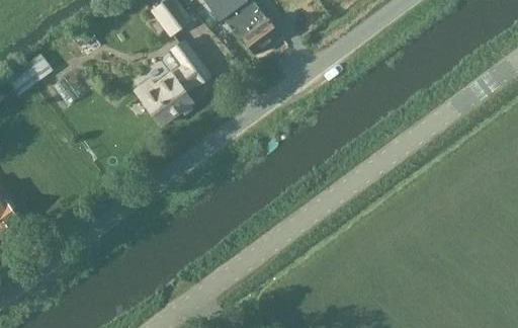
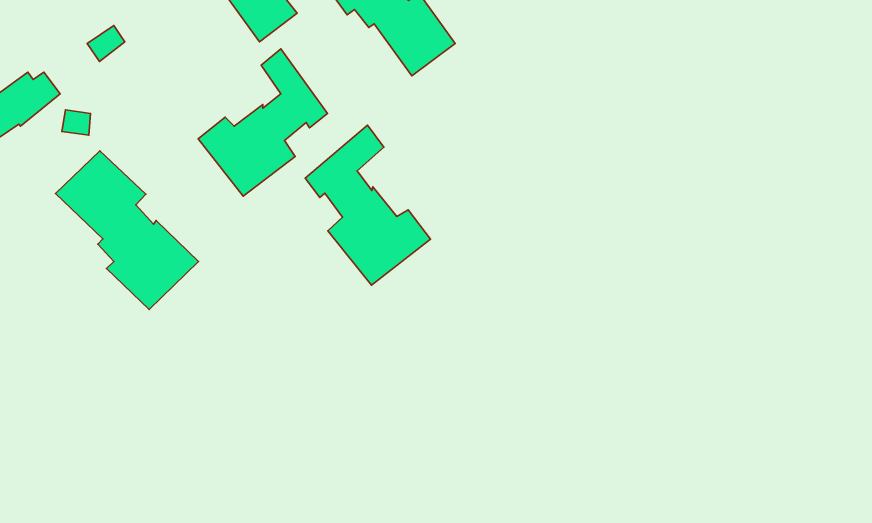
building: none -> [305,125,431,285]
building: none -> [56,151,199,310]

